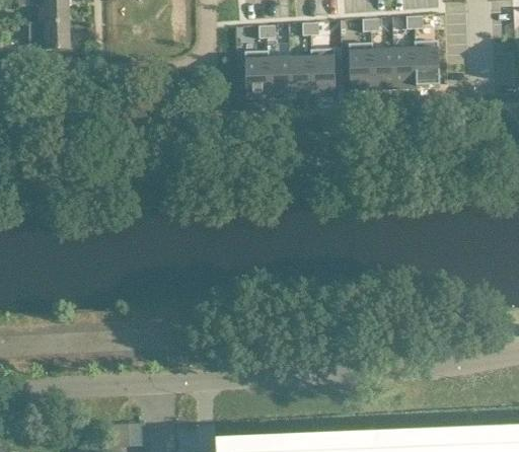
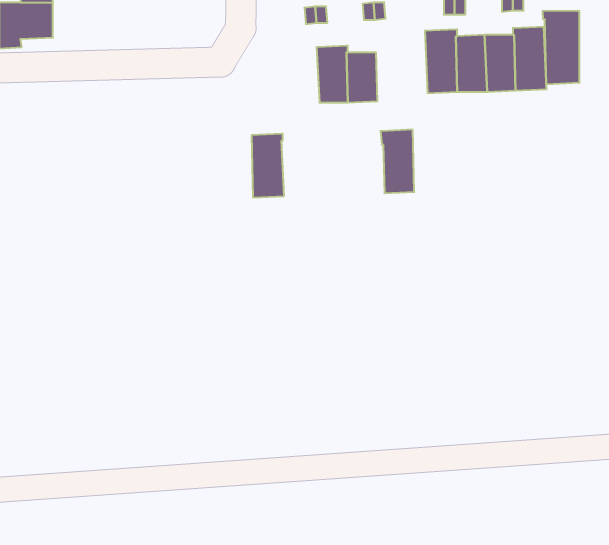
building: none -> [543,11,579,84]
building: [310,47,336,94] -> [380,130,414,193]
building: [245,49,270,96] -> [252,134,284,197]

